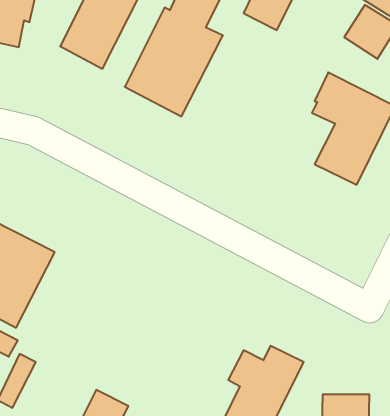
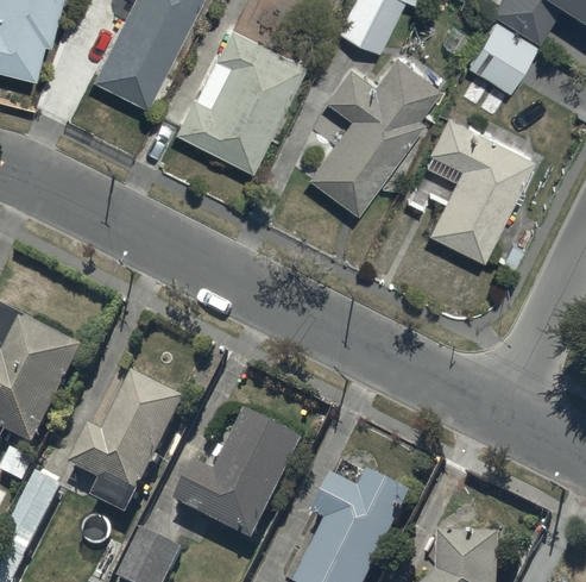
building: none -> [308,51,440,209]
building: none -> [69,374,185,518]
building: none -> [174,412,305,545]

